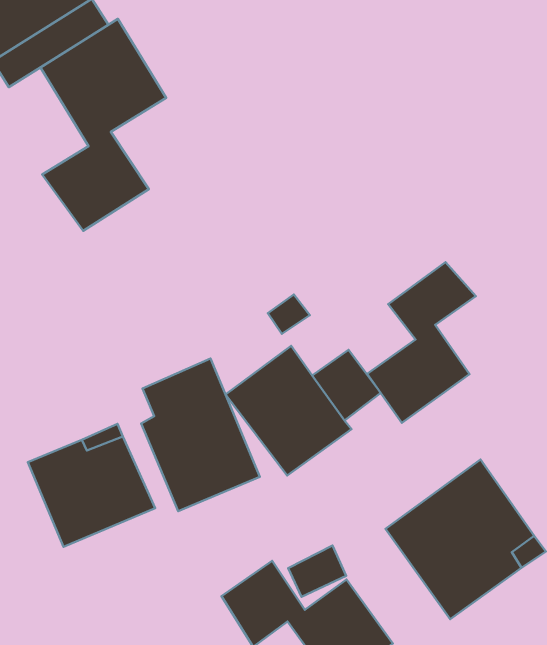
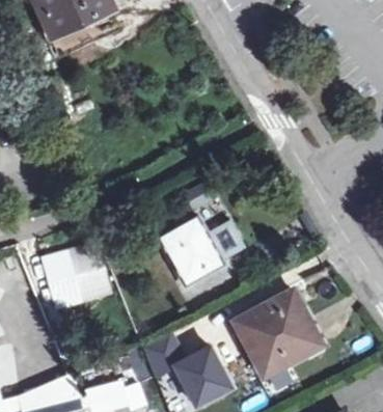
building: [40,19,166,231] -> none
building: [367,262,476,423] -> none
building: [141,358,260,511] -> none

